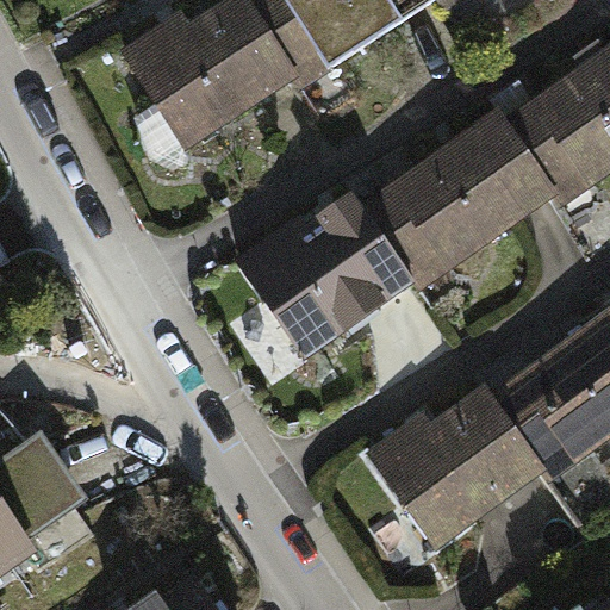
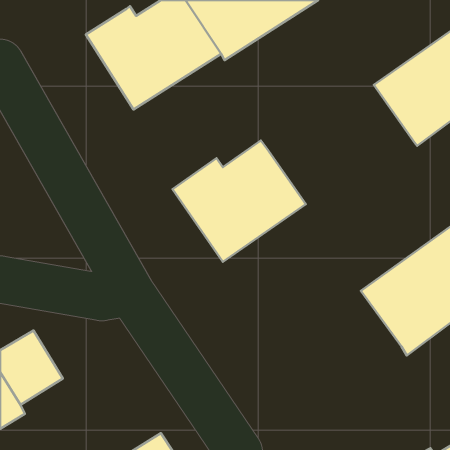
building: [362,106,561,290] -> none
building: [367,385,543,548] -> none

